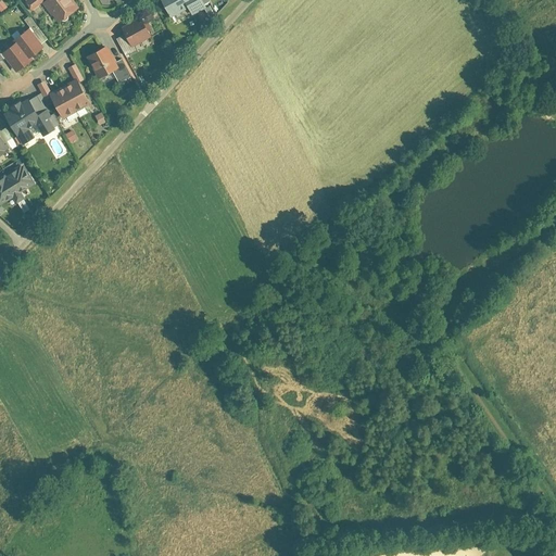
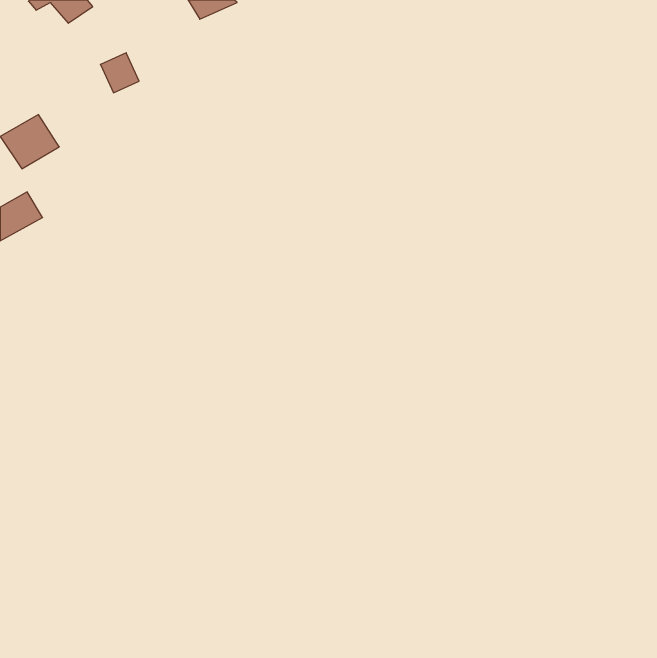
building: [122,16,155,47] -> none
building: [5,29,43,70] -> none
building: [46,74,90,118] -> none

